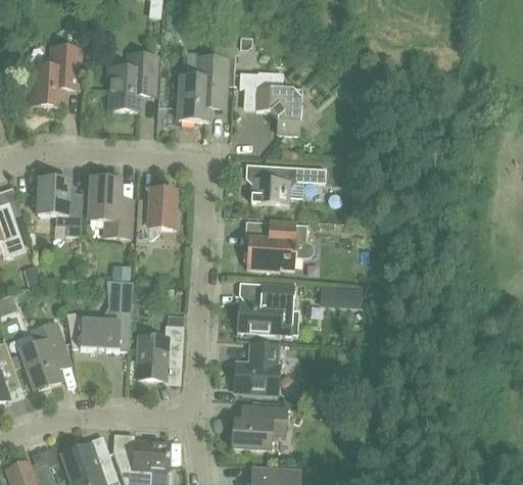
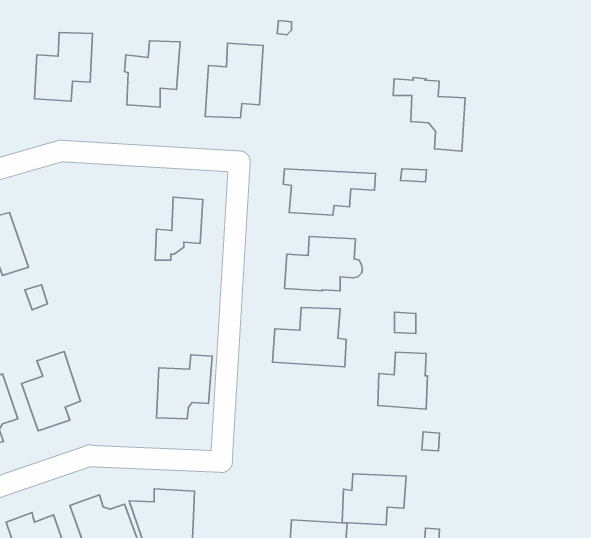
building: [240,70,302,134] -> [393,78,465,151]
building: [37,178,83,235] -> none
building: [89,178,133,236] -> none
building: [66,280,133,350] -> none
building: [235,343,278,392] -> [378,352,427,409]
building: [232,404,287,448] -> [342,474,406,525]

